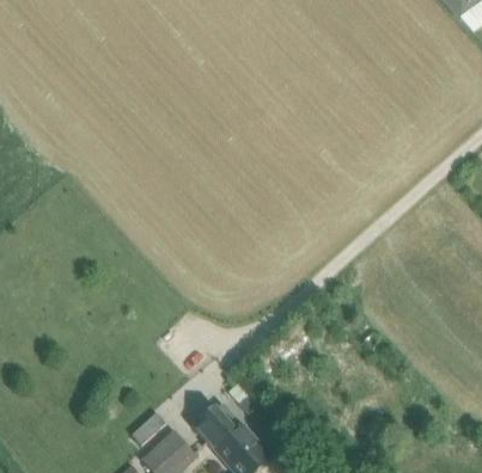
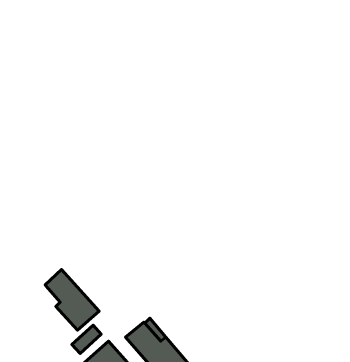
building: none -> [45,269,99,330]

